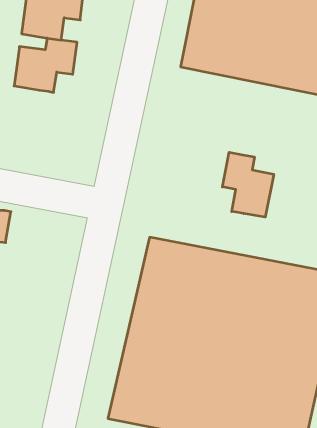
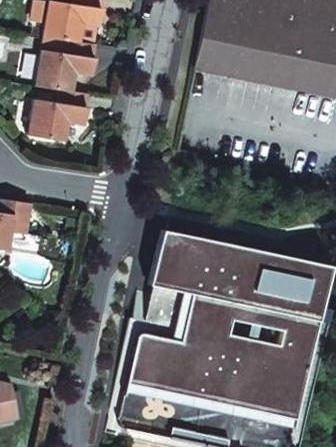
building: none -> [28,90,88,140]
building: [222,152,274,217] -> none

